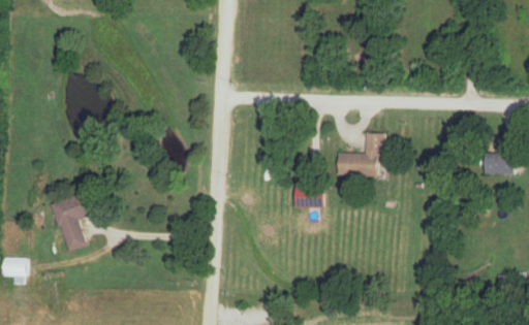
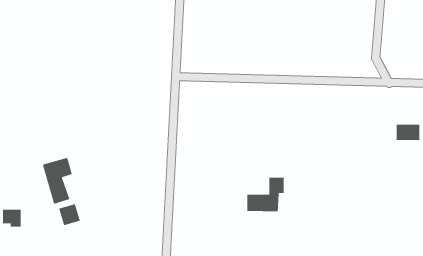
building: [338,133,384,176] -> [247,177,284,212]
building: none -> [58,203,81,226]

